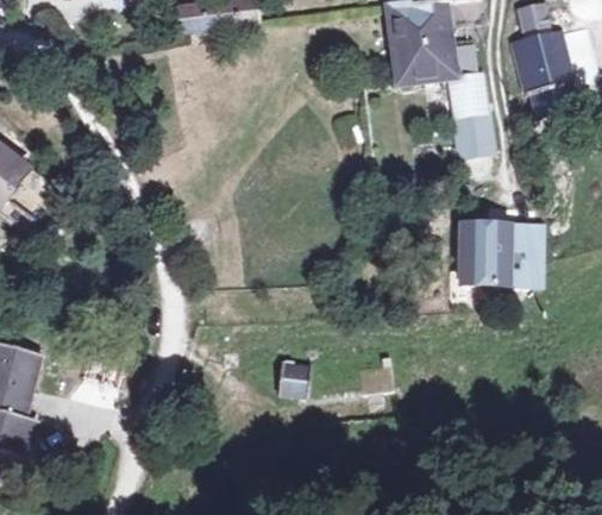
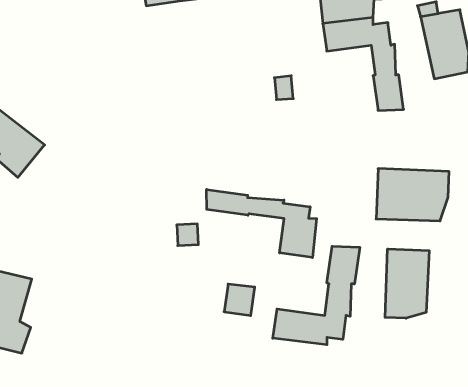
building: none -> [207,189,317,258]
building: none -> [273,246,360,345]
building: none -> [385,249,429,318]

